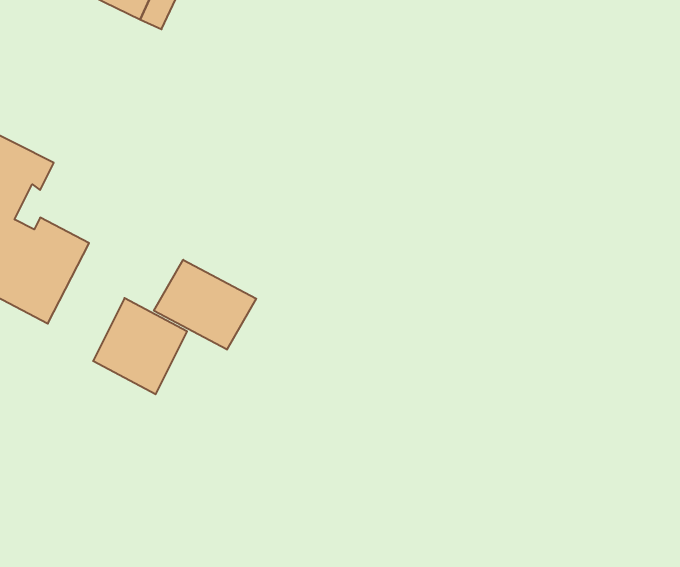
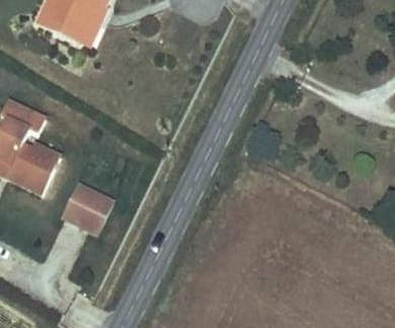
building: [154,260,256,350] -> none

